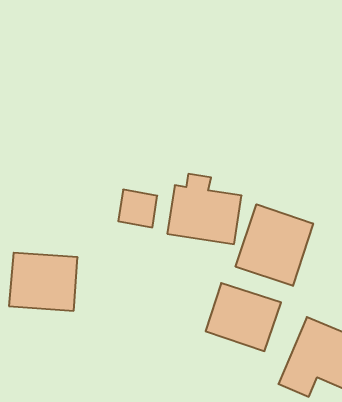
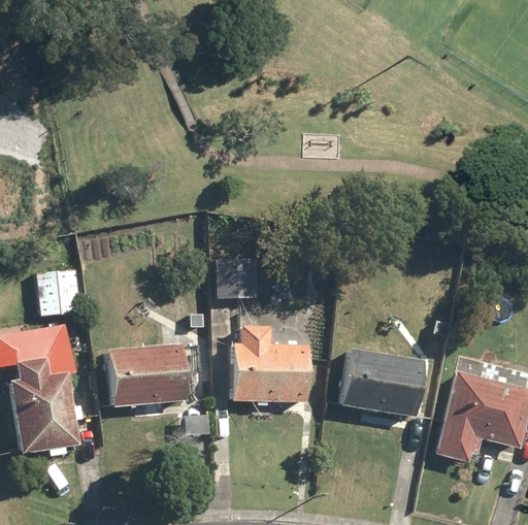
building: [167,174,242,244] -> [231,328,309,400]
building: [236,204,313,286] -> none

